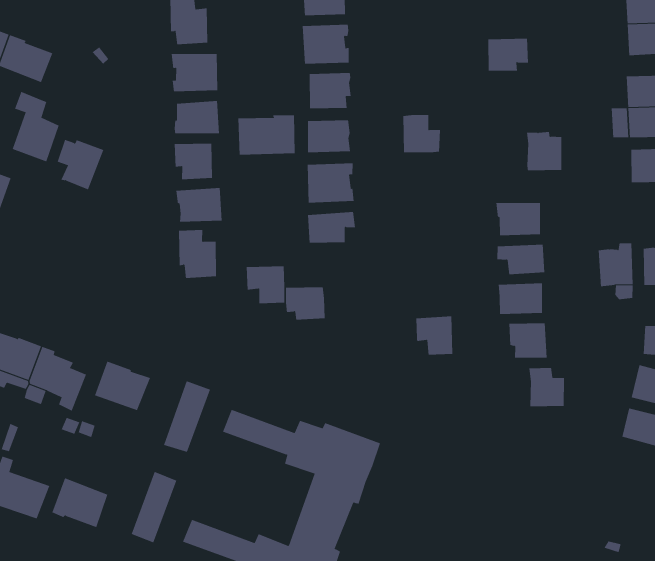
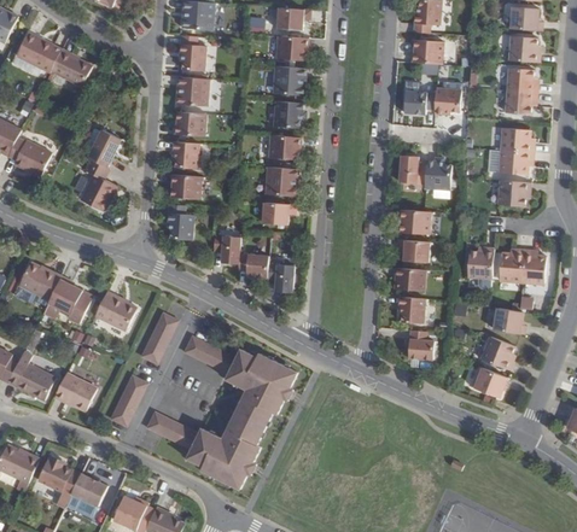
building: none -> [433,86,461,115]
building: [12,91,60,162] -> [80,158,116,211]
building: [238,114,295,156] -> none
building: [402,114,441,153] -> [397,154,426,183]
building: [416,316,453,355] -> [267,263,295,292]

